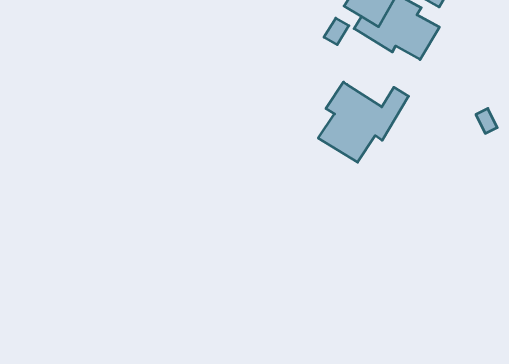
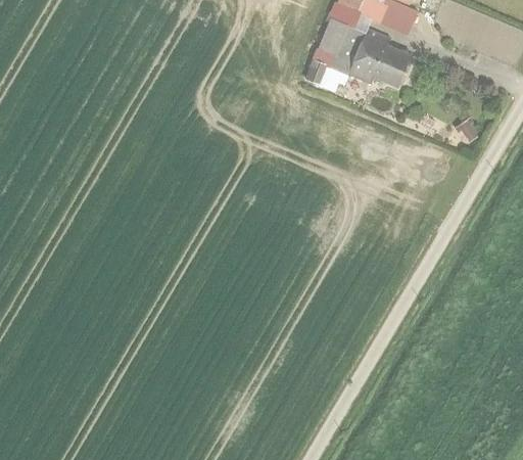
building: [318,82,409,162] -> none

